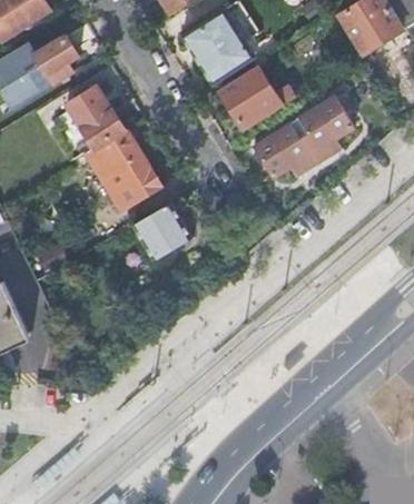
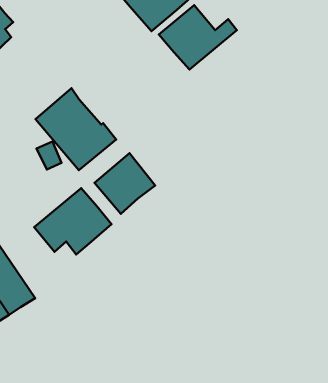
building: [65,83,125,154] -> none
building: [253,96,353,177] -> none
building: none -> [34,188,112,254]

